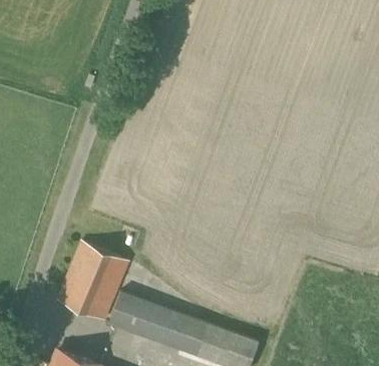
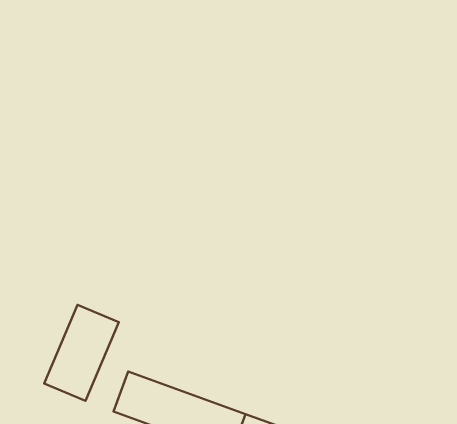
building: [89,256,129,321] -> none

